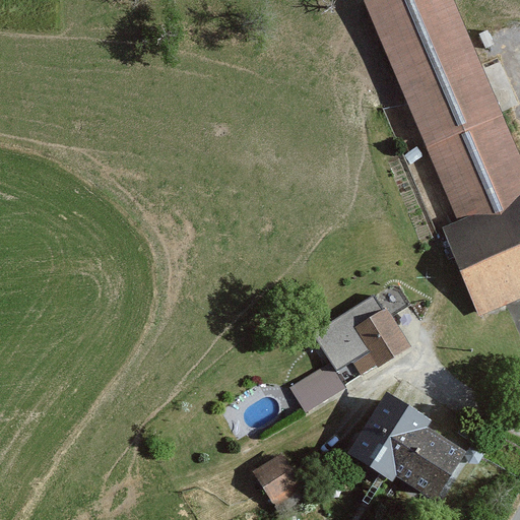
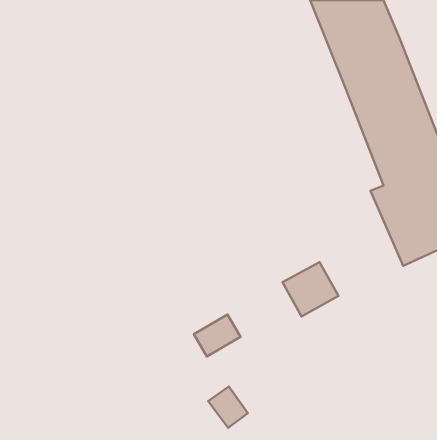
building: [290,362,345,411] -> [194,314,240,357]
building: [347,396,465,502] -> none

